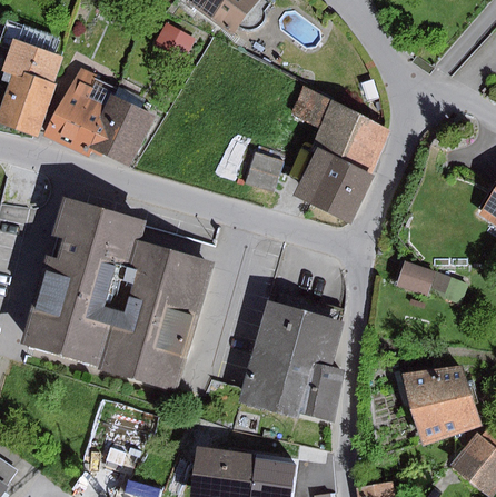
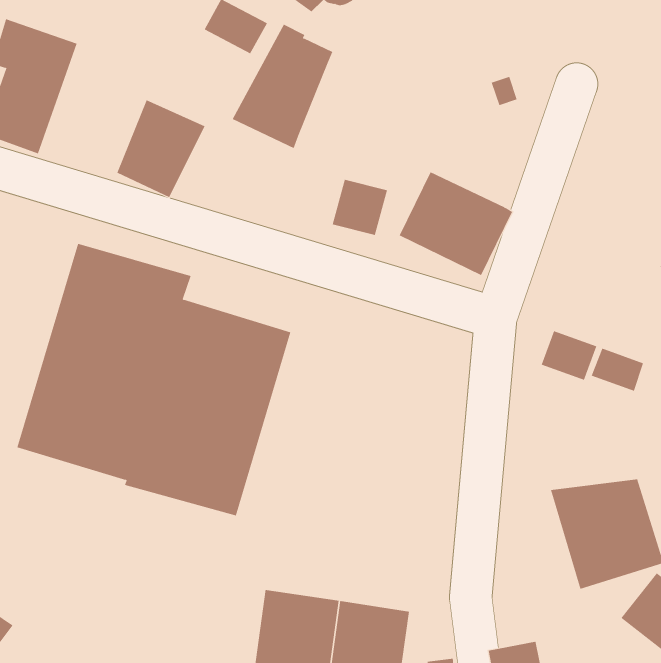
building: [43,67,116,156] -> [232,24,333,149]
building: [289,86,390,171] -> none
building: [239,299,345,420] -> none

